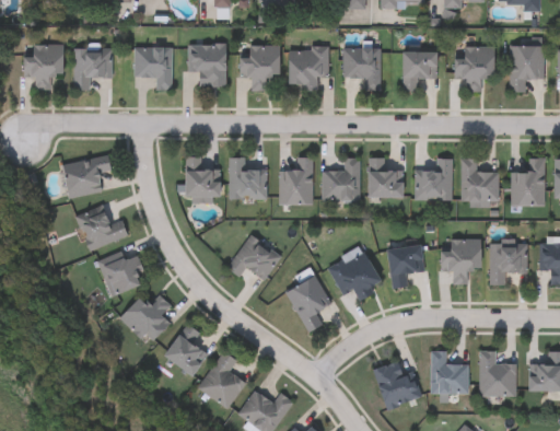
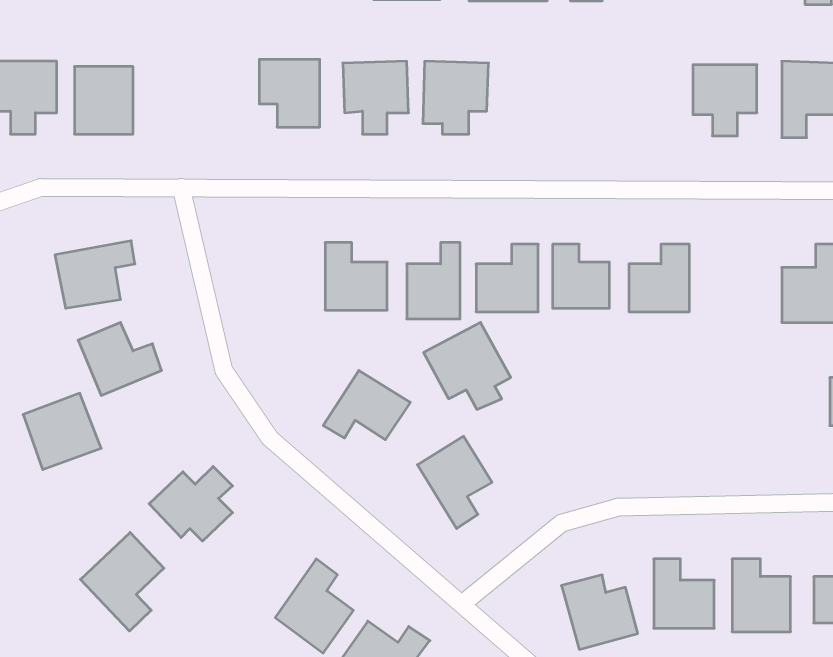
building: [135,46,173,90] -> none
building: [342,48,381,90] -> none
building: [402,51,438,91] -> none
building: [185,155,221,200] -> none
building: [462,159,498,199] -> none
building: [441,240,481,284] -> none
building: [489,242,527,284] -> none
building: [388,245,424,288] -> none
building: [327,247,381,301] -> [424,322,511,409]
building: [98,249,147,296] -> [23,393,101,470]
building: [164,324,209,376] -> none
building: none -> [80,532,164,631]

